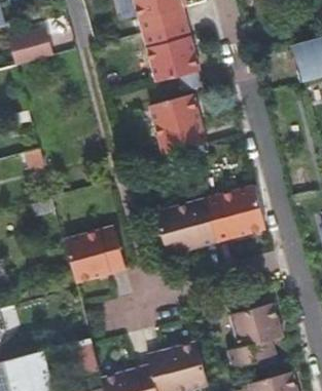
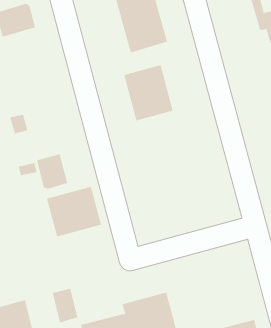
building: [154,186,264,255] -> none
building: none -> [37,153,68,189]
building: [229,303,282,366] -> none

